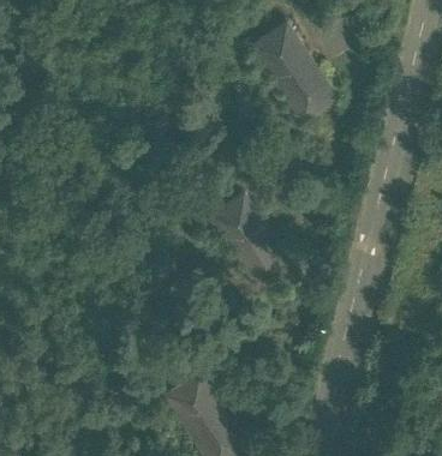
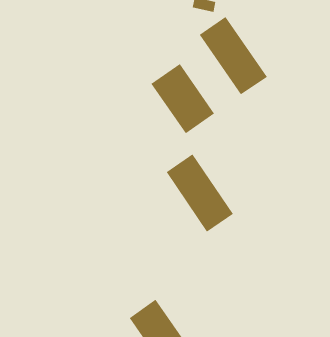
building: none -> [151,63,215,134]

